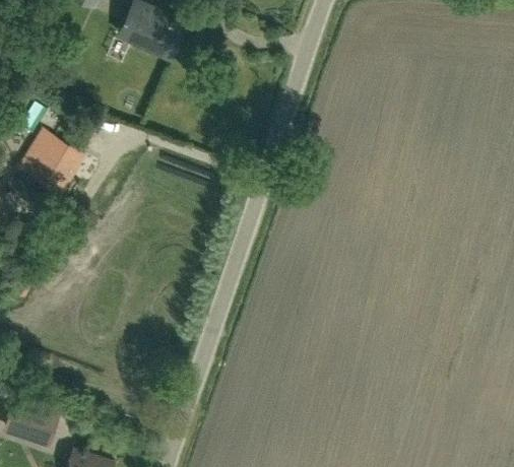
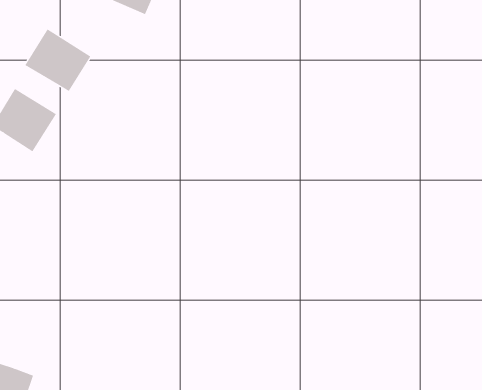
building: none -> [25,29,91,92]

